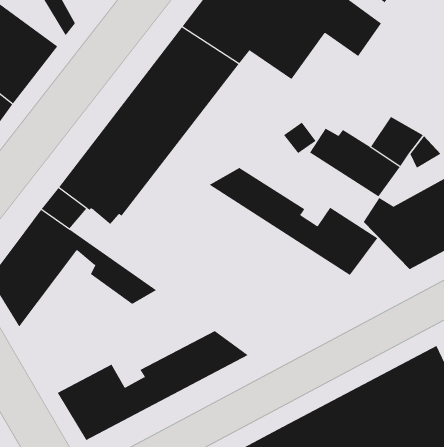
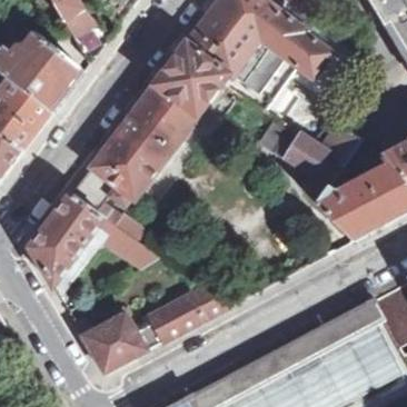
building: [209,167,378,276] -> none

